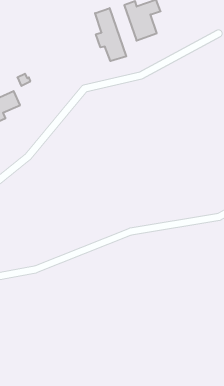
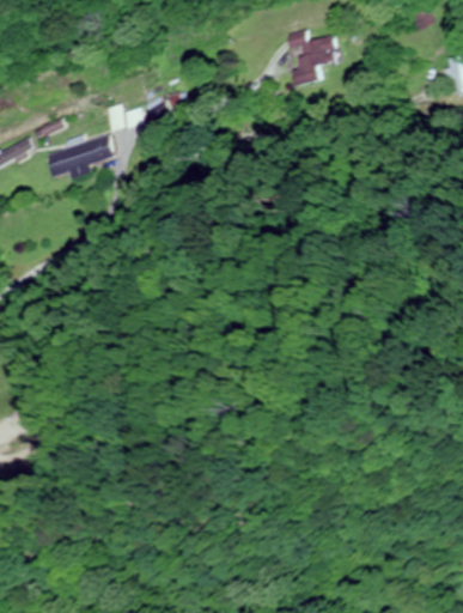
building: [95,8,126,61] -> none

